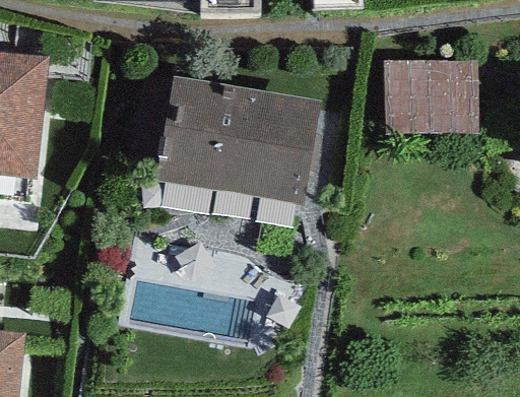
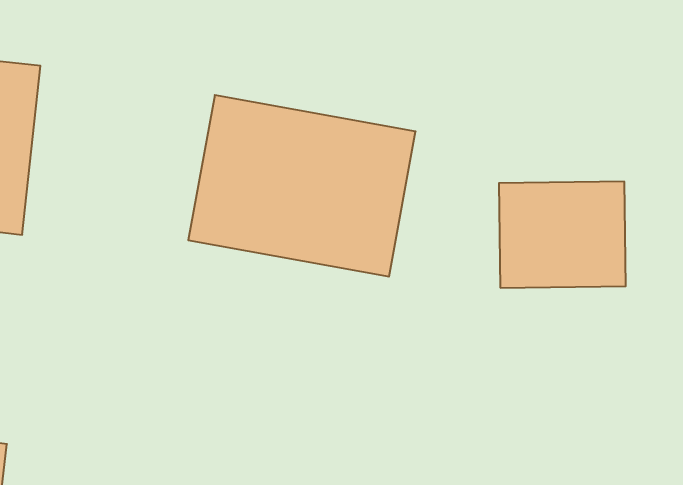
building: [383,56,475,133] -> [499,182,626,288]

